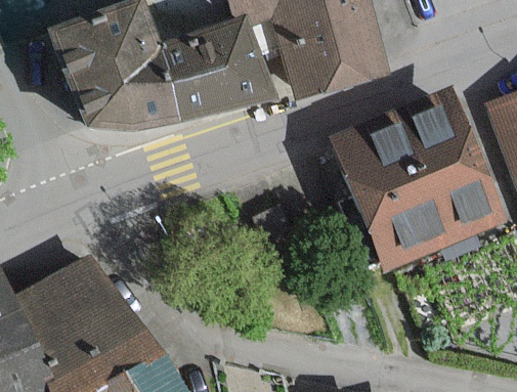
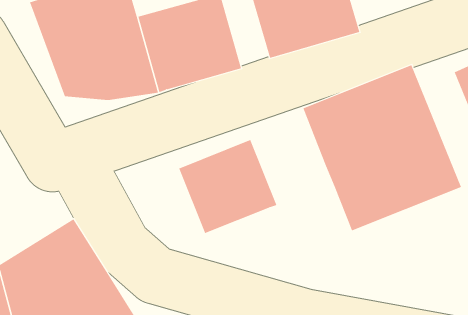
building: none -> [179,139,277,234]

